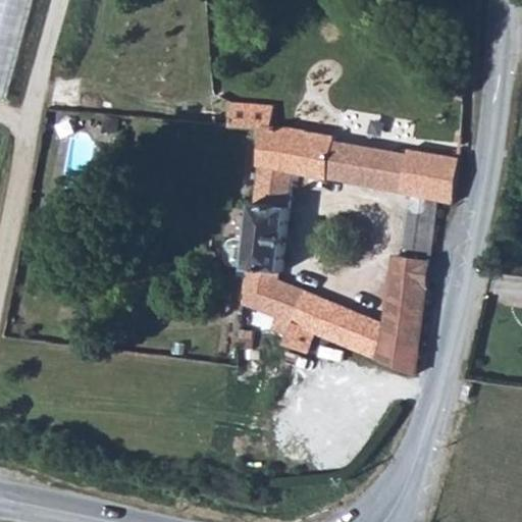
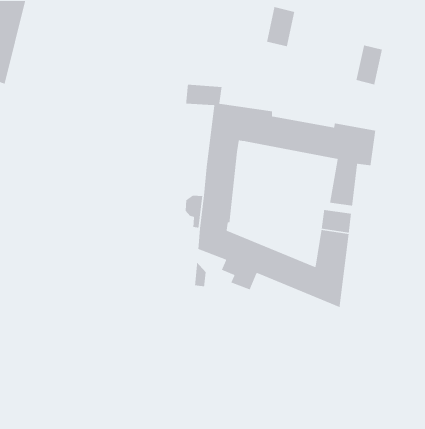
building: none -> [266,6,295,47]
building: none -> [355,44,383,85]

